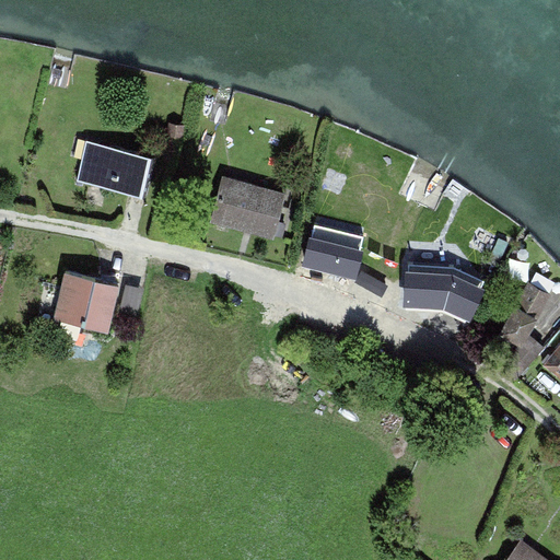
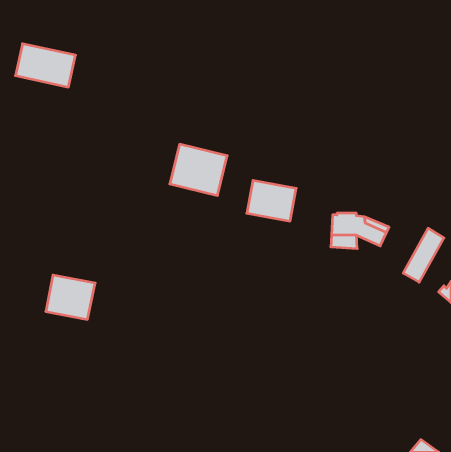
building: [77,143,151,197] -> [15,44,76,87]
building: [56,277,117,331] -> [46,275,95,319]

